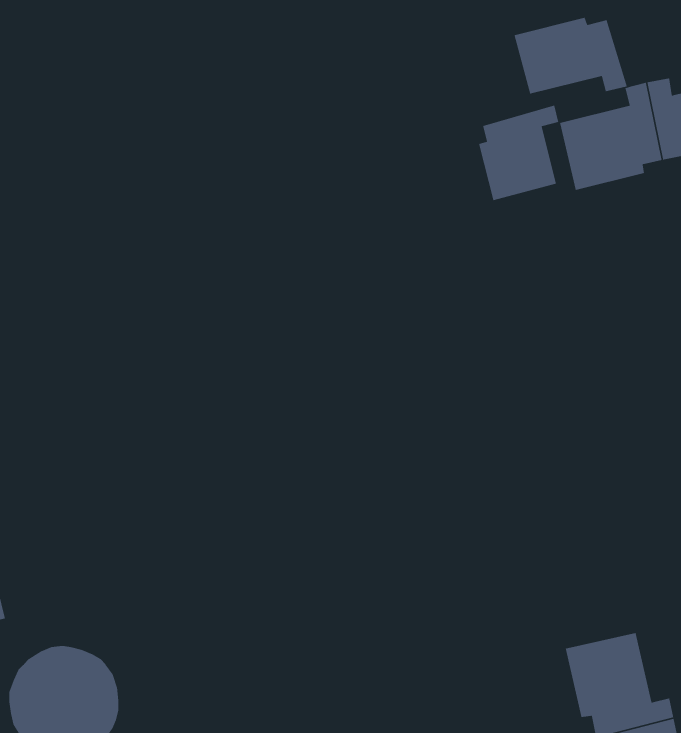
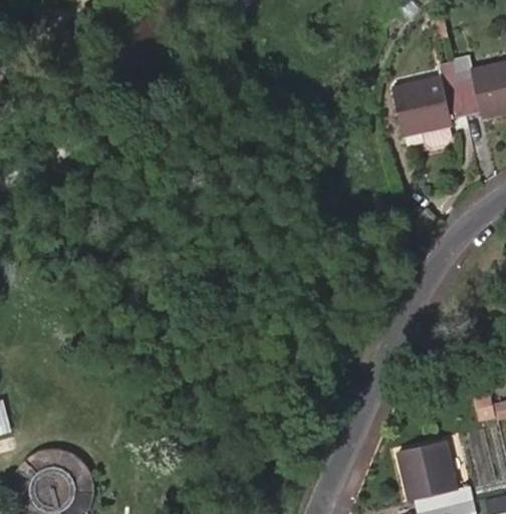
building: [513,17,628,95] -> none
building: [478,104,559,201] -> none

